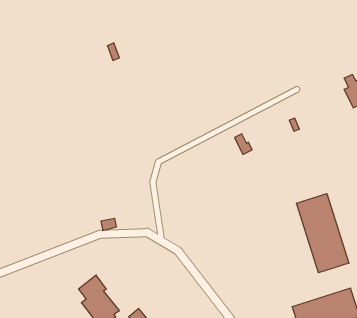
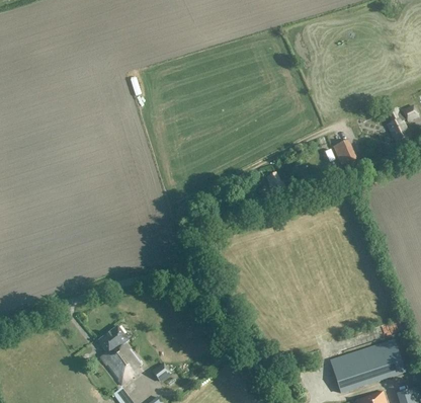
building: none -> [332,139,357,165]
building: [296,194,349,273] -> none

